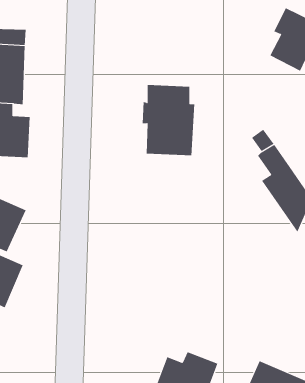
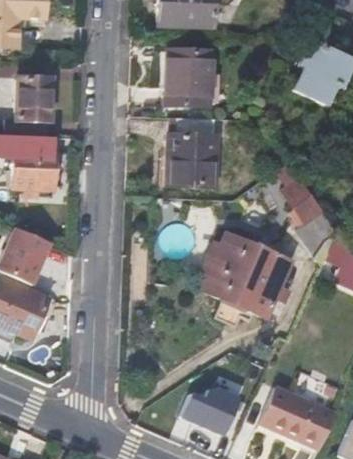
building: none -> [164,49,214,108]
building: none -> [199,233,293,319]

